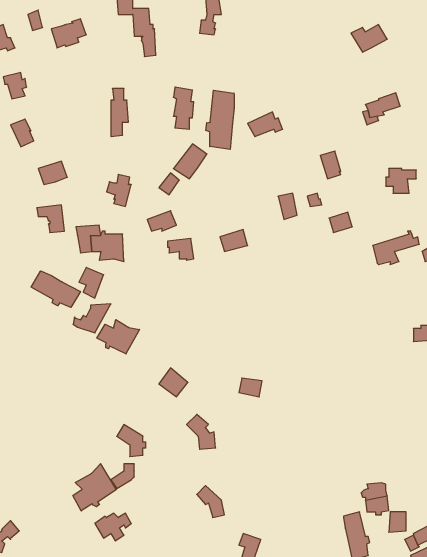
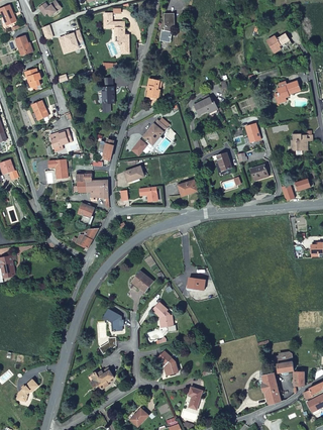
building: [206,90,234,149] -> none
building: [31,271,80,307] -> none
building: [97,320,139,354] -> none
building: [73,464,116,511] -> none

